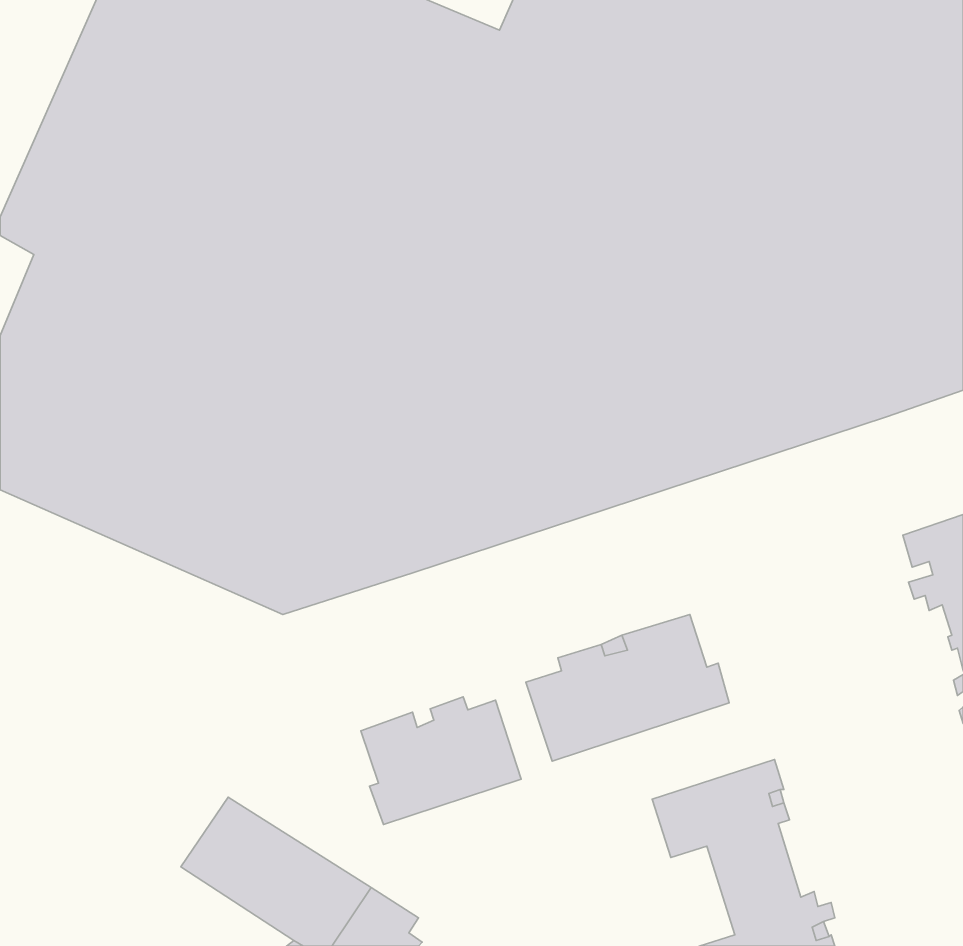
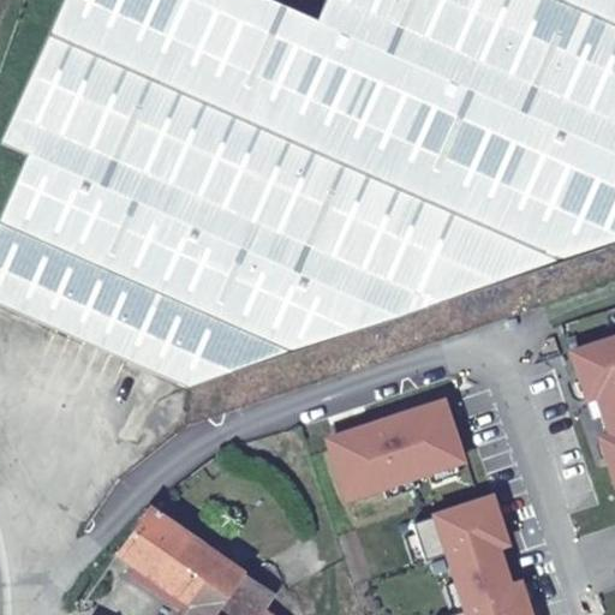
building: [361,697,521,825] -> none

